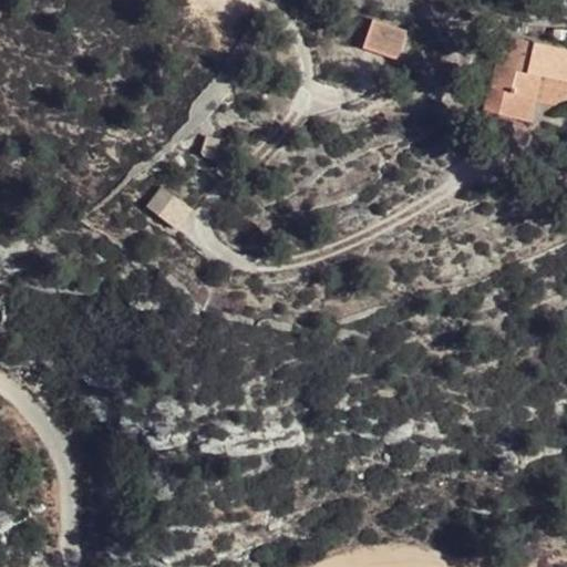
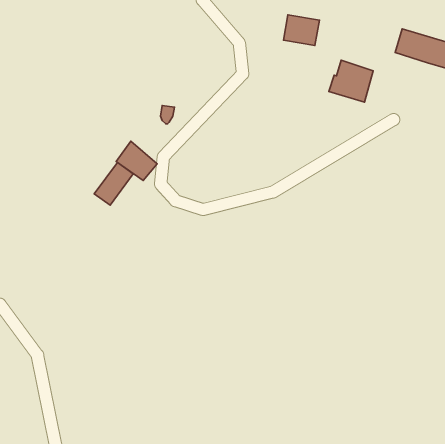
building: [487,69,544,122] -> [329,60,373,102]
building: none -> [94,162,133,205]

